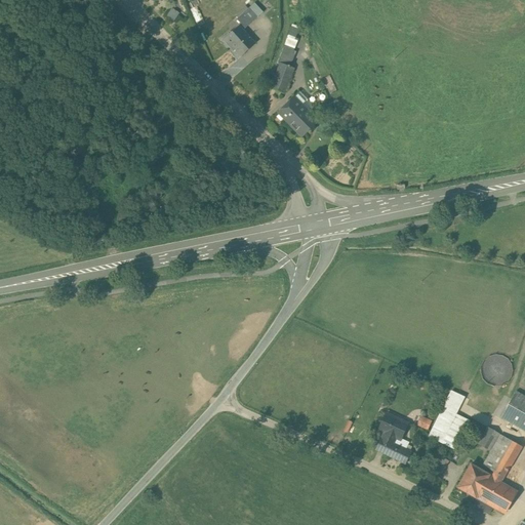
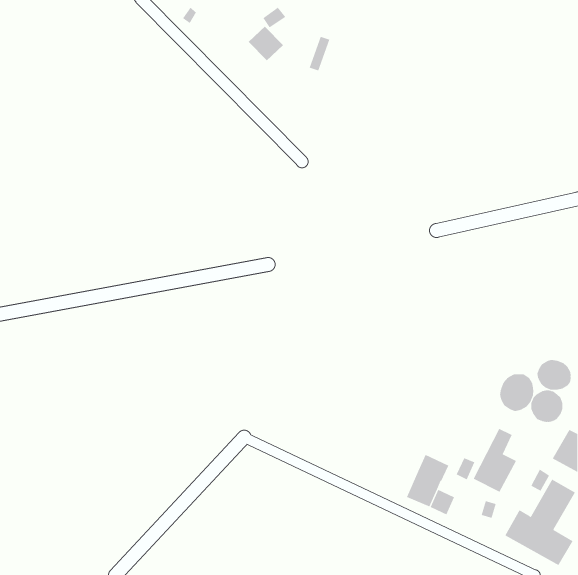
building: [271,62,296,93] -> none
building: [278,95,316,137] -> none
building: none -> [537,359,571,391]
building: none -> [500,373,534,412]

